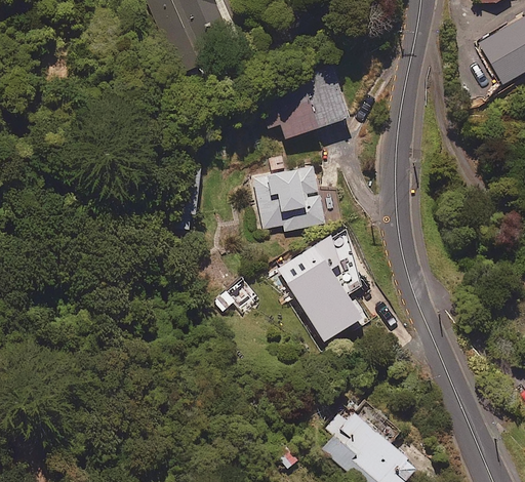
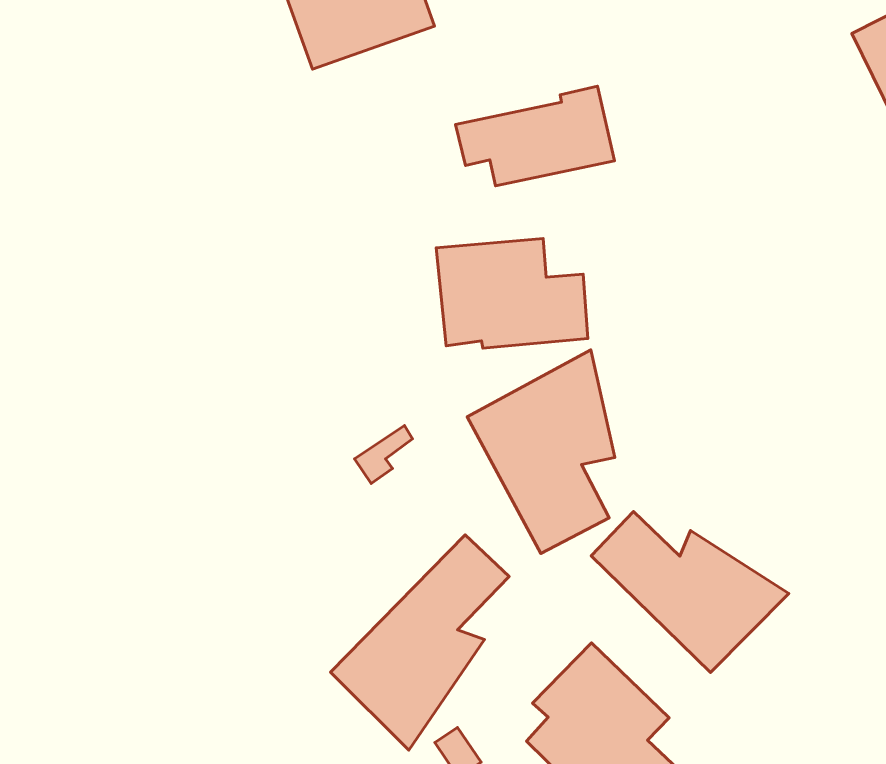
building: none -> [591,512,789,673]
building: none -> [330,535,509,750]

